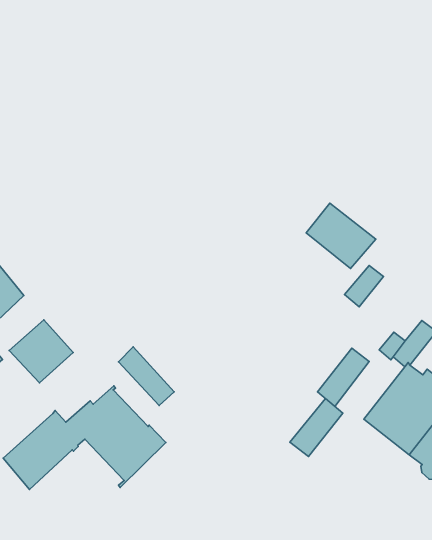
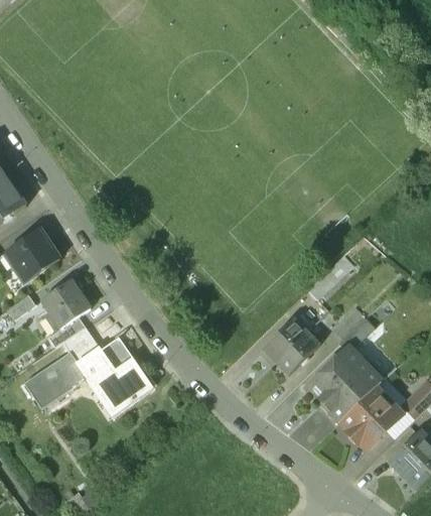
building: [306,203,376,269] -> none
building: [118,347,174,405] -> none
building: none -> [60,324,98,359]
building: [290,399,343,457] -> [262,318,306,362]

